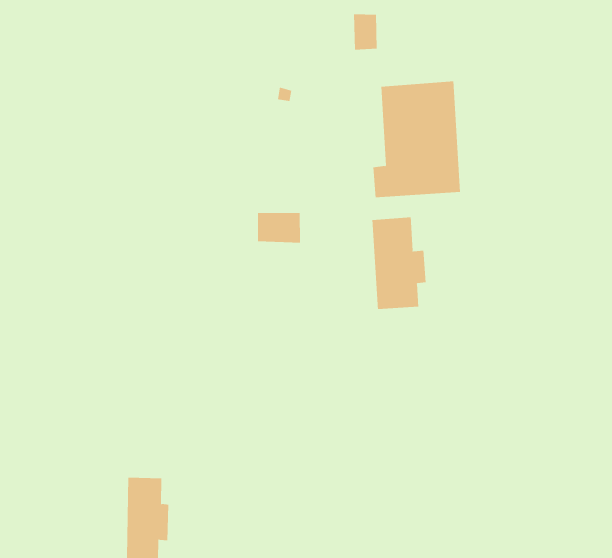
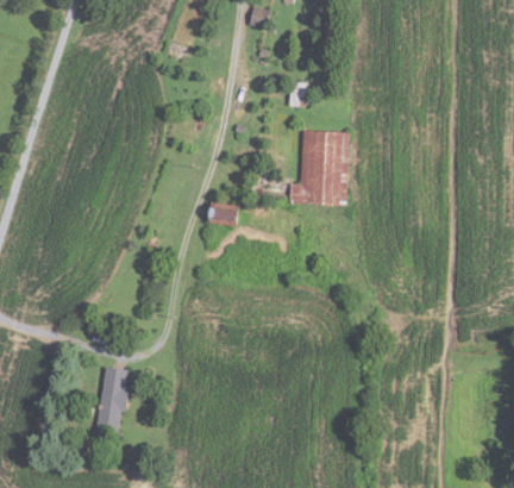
building: [372,216,426,310] -> none

